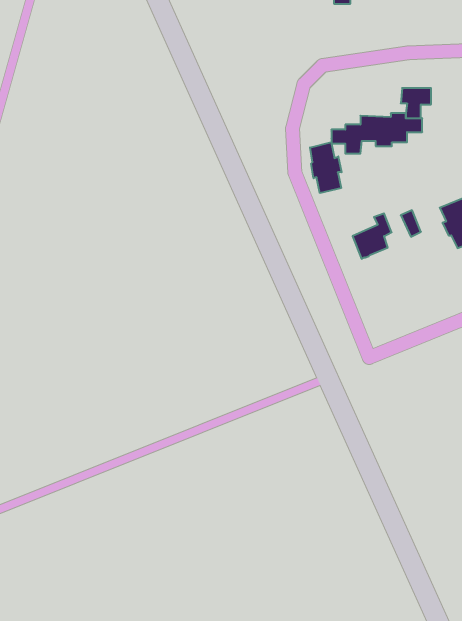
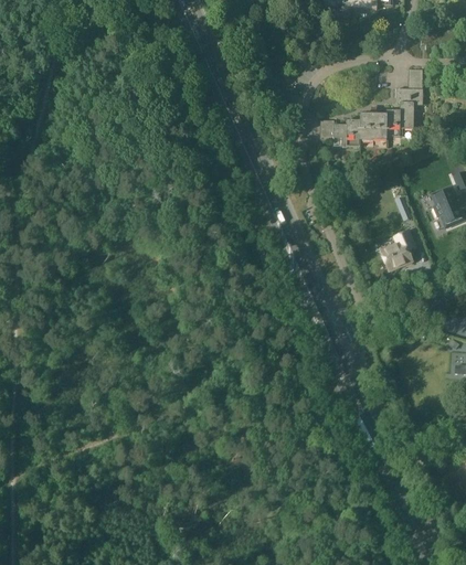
building: [310,142,342,193] -> none
building: [353,213,392,259] -> [382,231,416,270]

